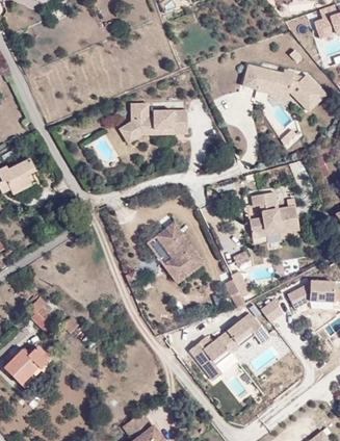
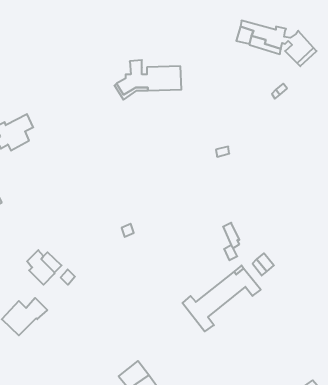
building: [247,191,298,237] -> none
building: [158,223,203,283] -> none
building: [286,282,333,309] -> none

